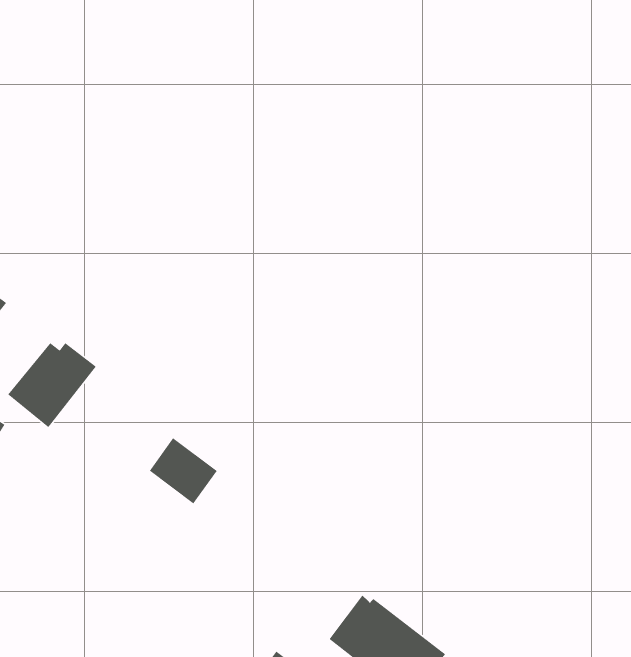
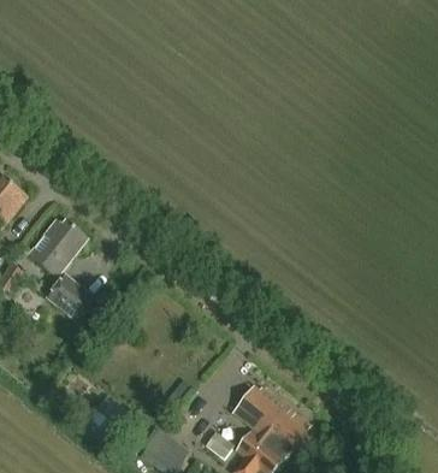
building: [149,437,218,504] -> [49,277,94,320]

